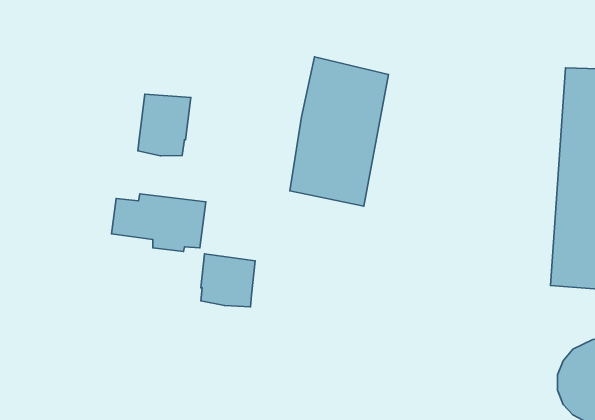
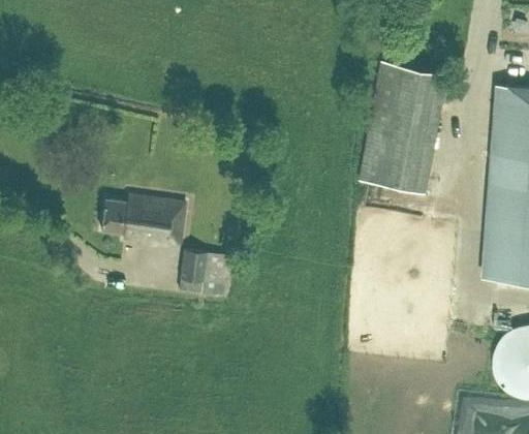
building: [290,57,389,206] -> [360,61,446,192]
building: [138,94,191,156] -> none

